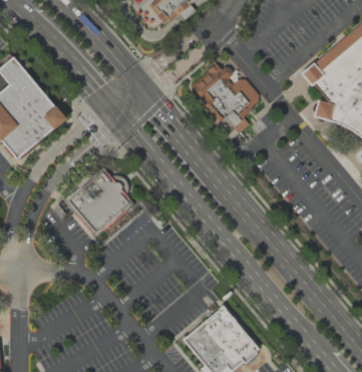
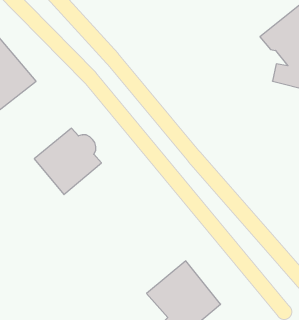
building: [192,63,262,146] -> none

